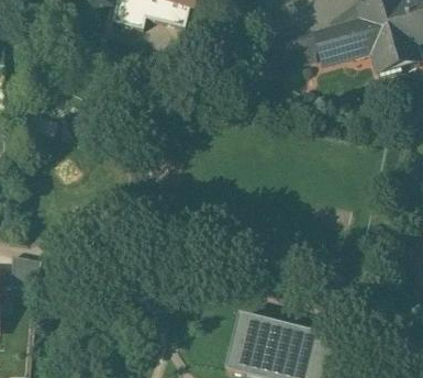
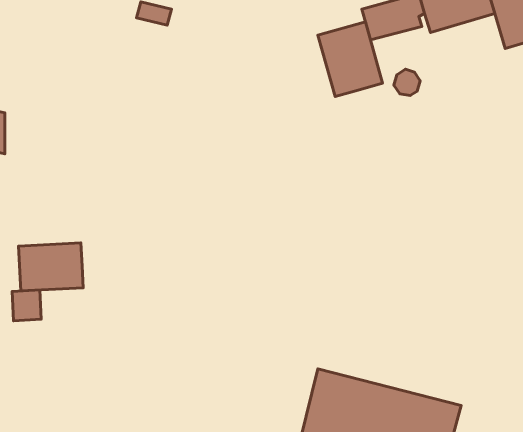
building: none -> [318,22,383,97]
building: none -> [18,243,83,291]

